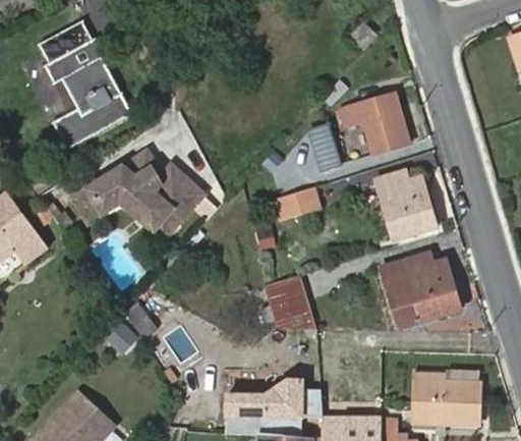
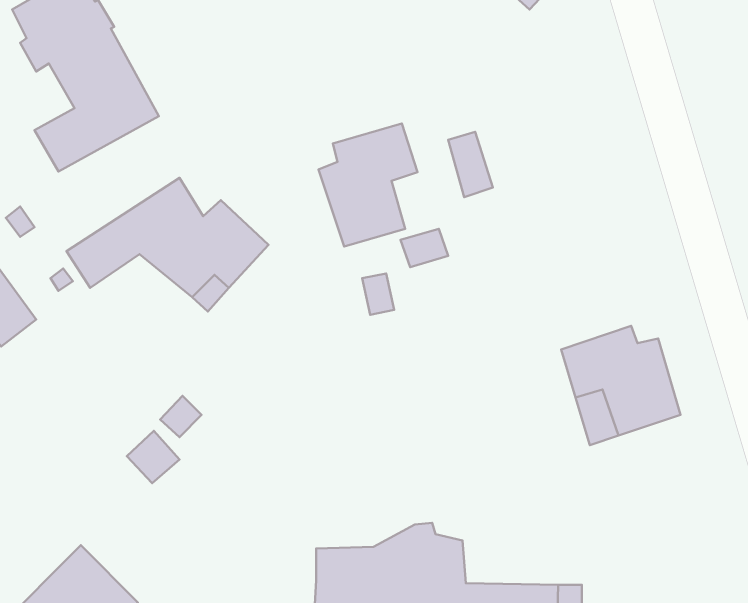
building: [341,95,408,153] -> none
building: none -> [318,124,418,247]
building: [377,170,436,239] -> none
building: [269,280,322,330] -> none
building: [414,374,479,424] -> none

